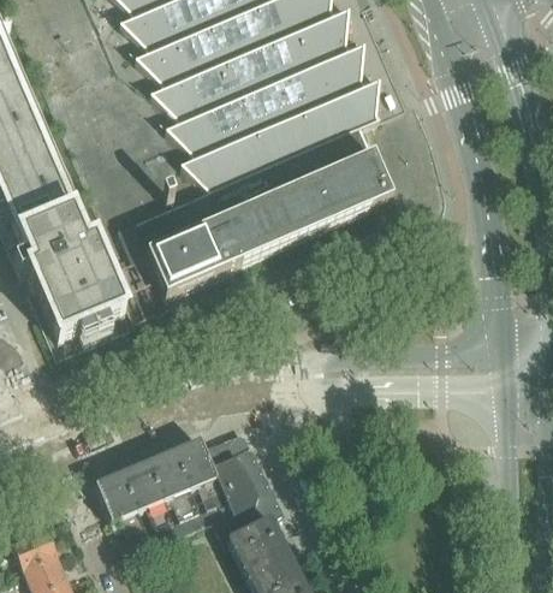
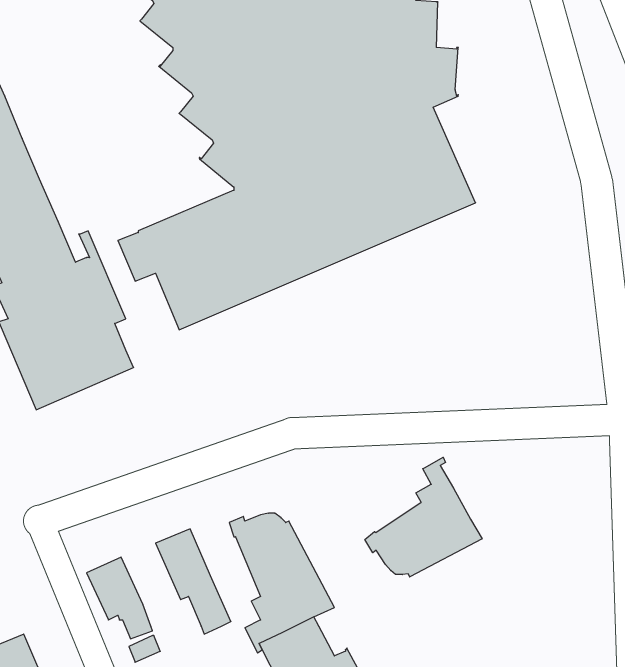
building: none -> [365,457,482,577]
building: [174,437,228,523] -> none
building: [121,458,178,539] -> none

